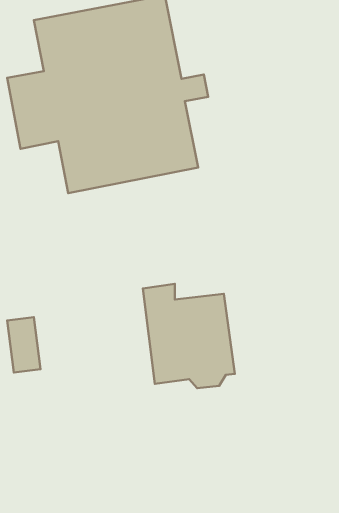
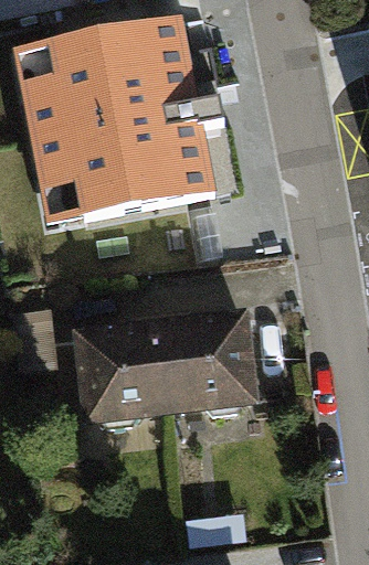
building: none -> [77,307,167,419]

